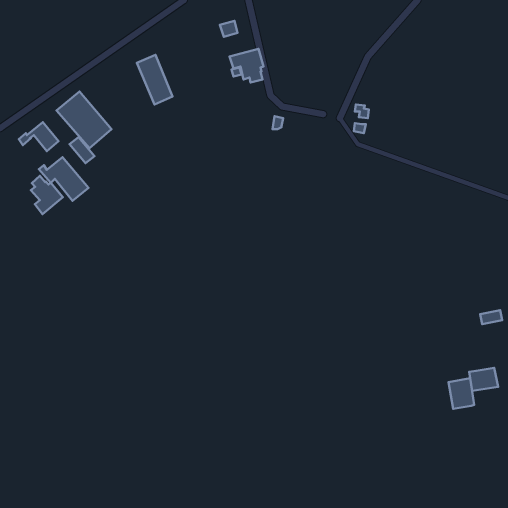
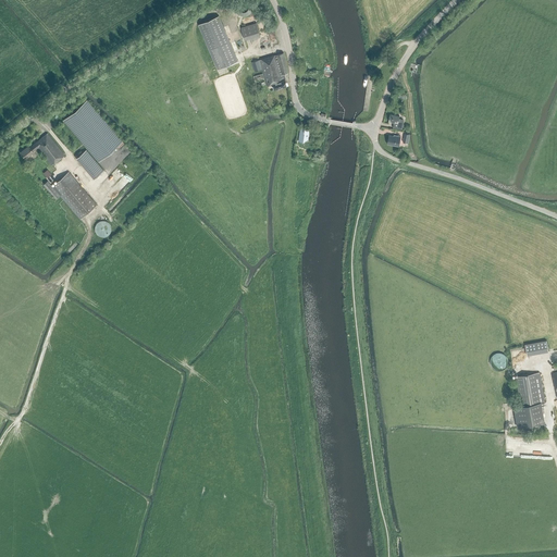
building: [137,55,173,104] -> [198,15,237,70]
building: [31,176,63,214] -> none
building: [448,378,474,409] -> [516,372,544,406]

